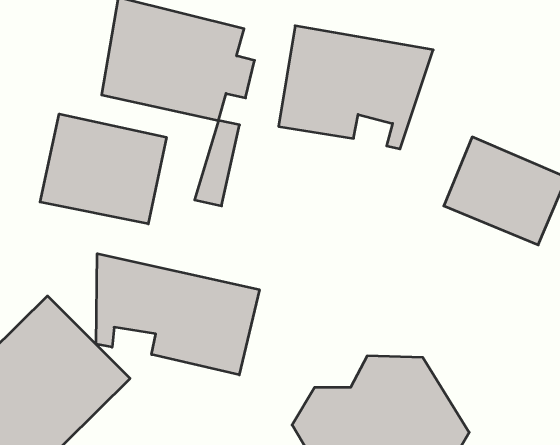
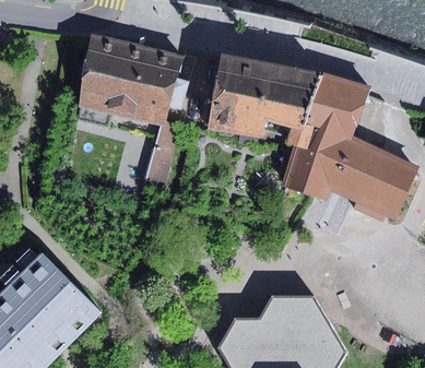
building: none -> [283,73,371,199]
building: [40,114,166,224] -> none
building: [96,254,259,375] -> none

